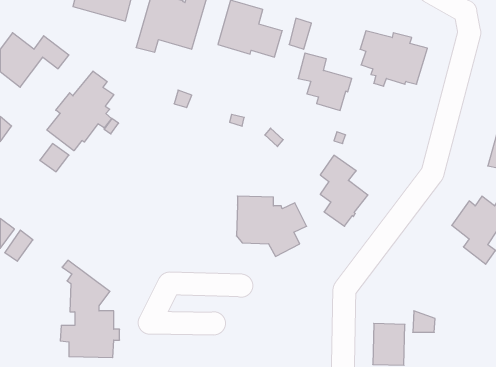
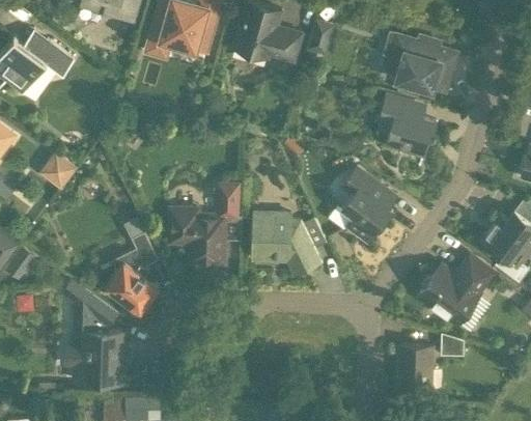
building: [298,53,352,110] -> [379,95,436,157]
building: [47,71,114,151] -> none
building: none -> [169,185,239,263]
building: none -> [106,220,159,313]
building: none -> [419,255,493,324]

